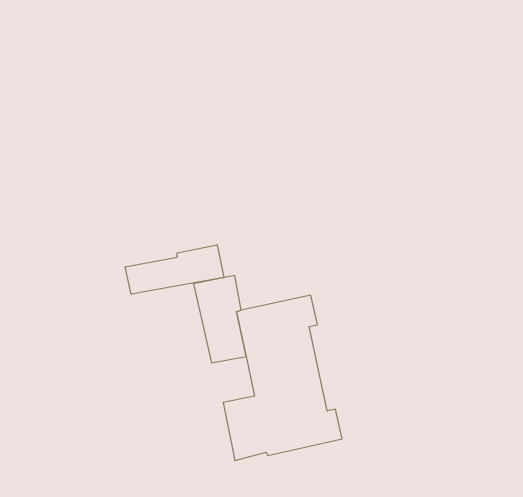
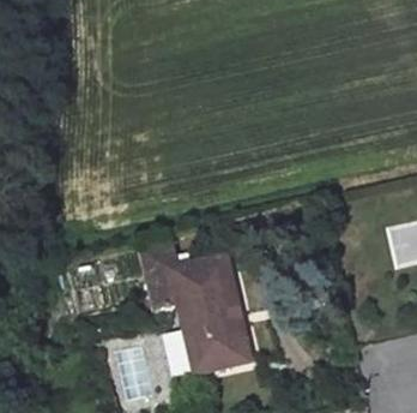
building: [125,245,224,294] -> none

